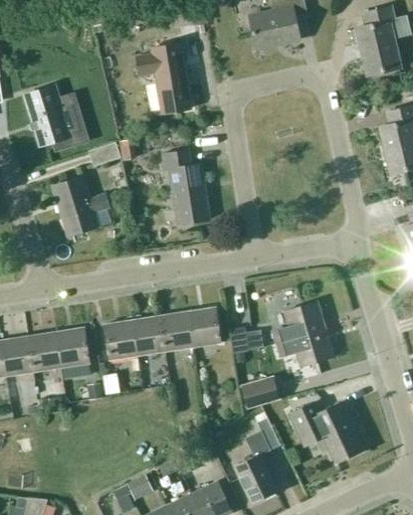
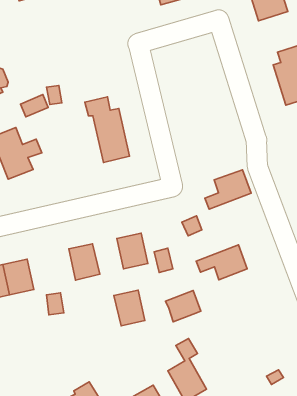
building: [136,43,191,114] -> none
building: [271,302,325,344] -> [205,170,251,209]
building: [159,312,192,351] -> [114,290,145,326]
building: [104,320,137,360] -> none
building: [289,402,361,463] -> none

